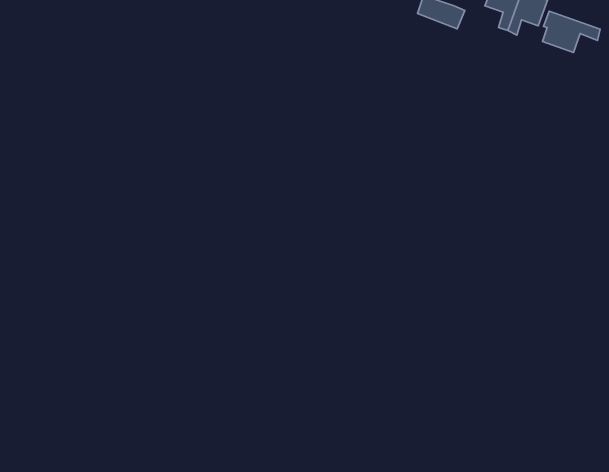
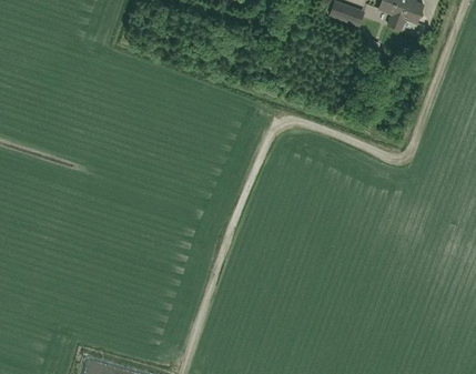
building: [543,11,600,52] -> none

